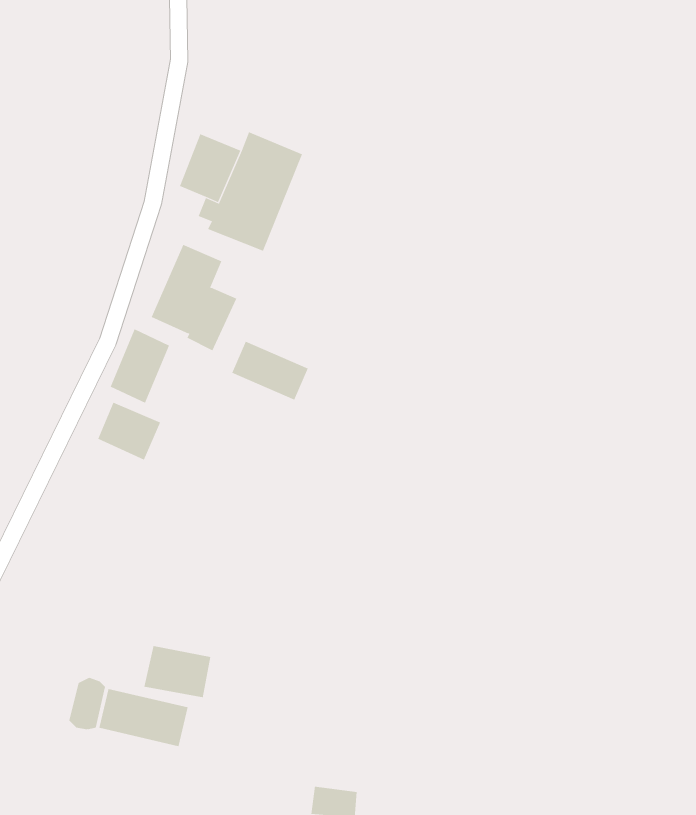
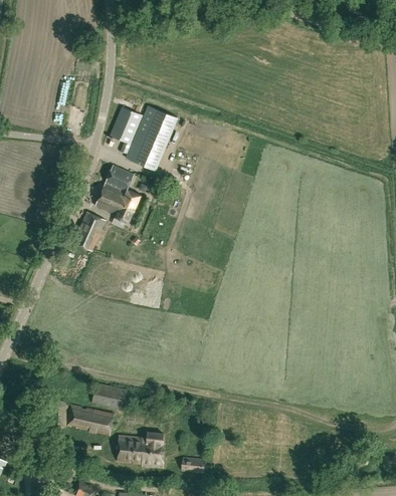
building: [232,341,308,401] -> none
building: [98,402,161,460] -> none
building: none -> [117,432,163,466]

